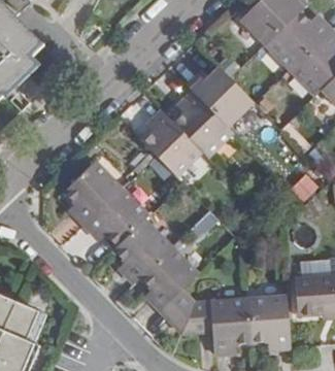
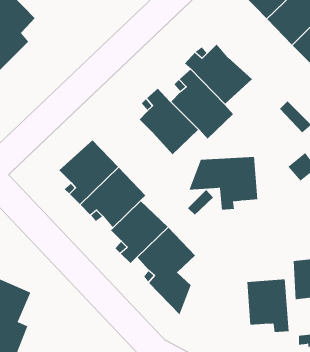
building: [182,301,250,353] -> [188,156,258,210]

